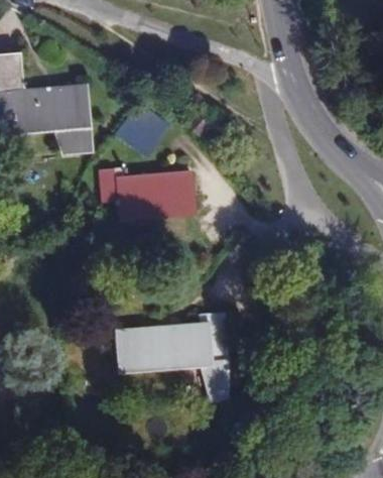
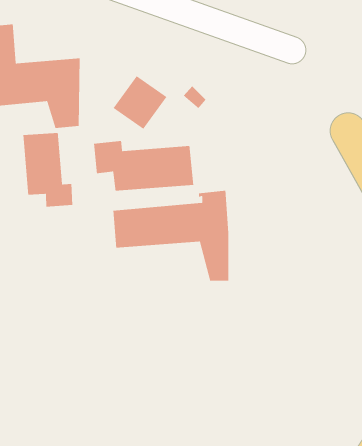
building: none -> [22,132,73,207]
building: [115,313,229,402] -> [113,190,229,281]

